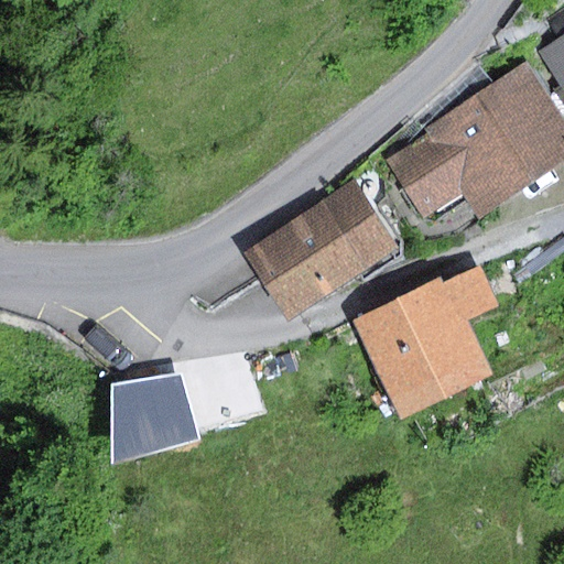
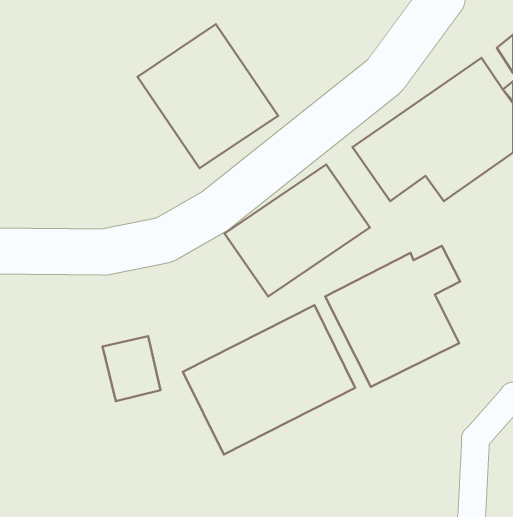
building: none -> [137,24,278,168]
building: none -> [183,305,355,454]

